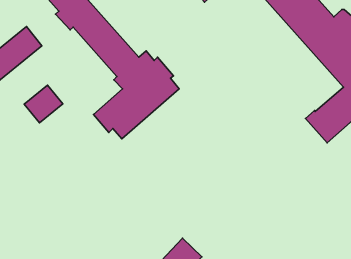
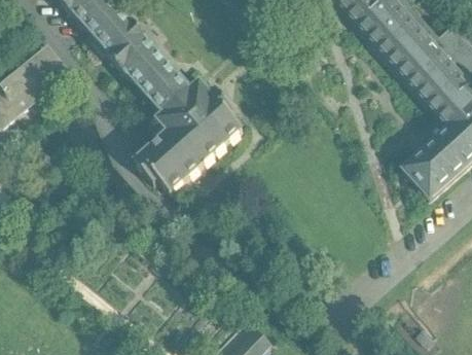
building: [24,85,63,123] -> none

